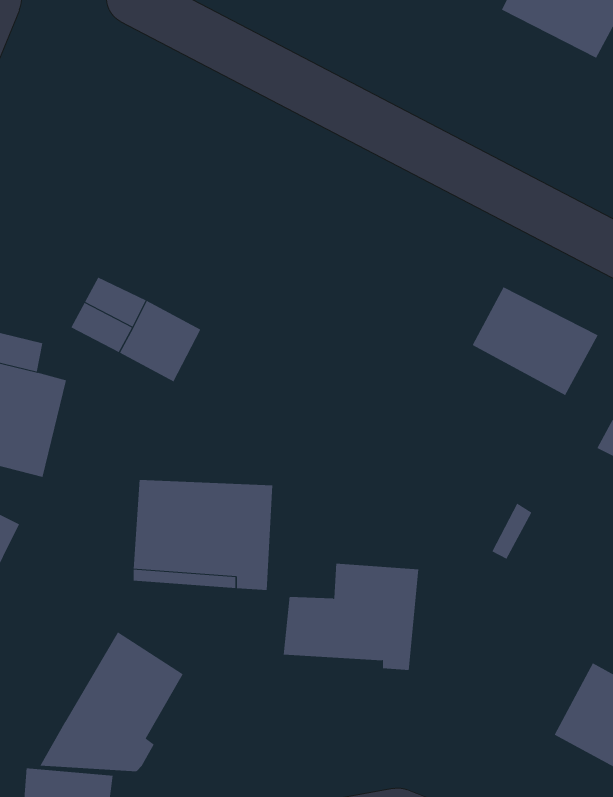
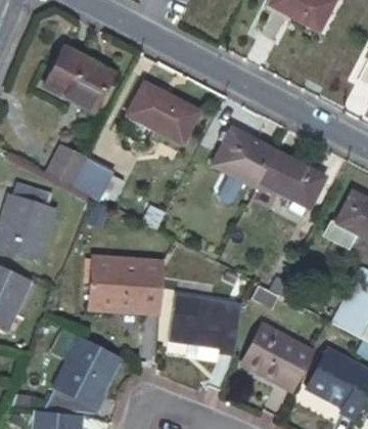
building: none -> [50,49,120,114]
building: none -> [134,86,205,145]
building: none -> [218,131,281,191]
building: none -> [242,325,311,392]

